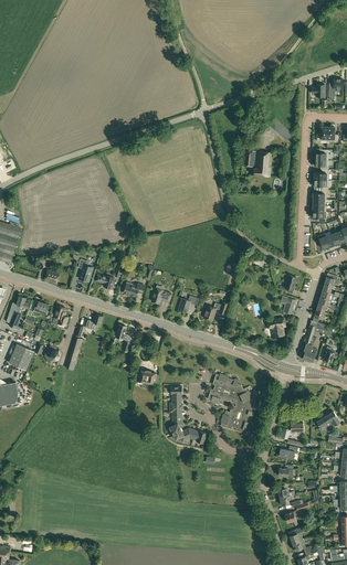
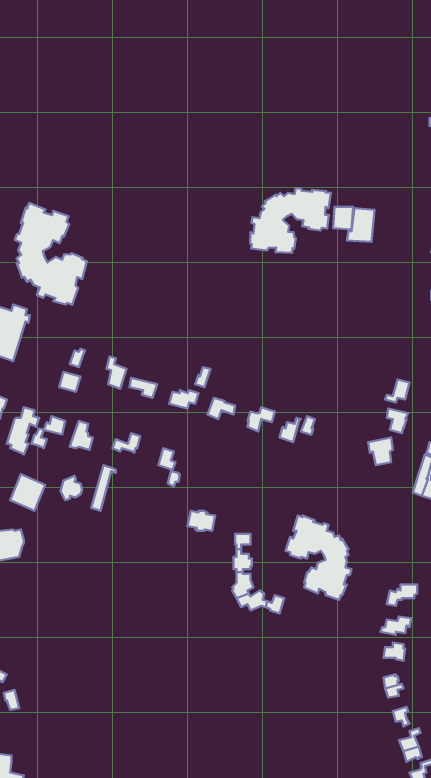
building: none -> [250,188,331,253]
building: none -> [15,203,87,305]

